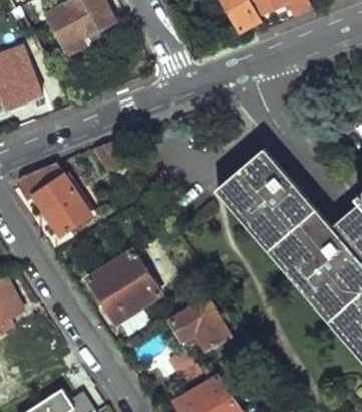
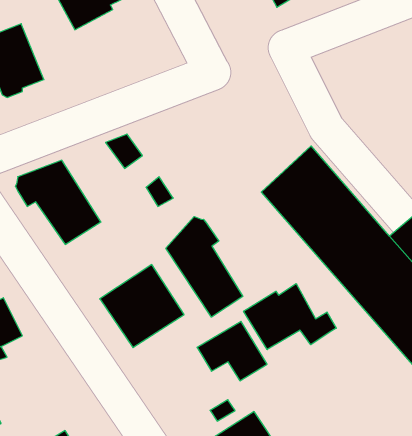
building: none -> [166,217,243,317]
building: none -> [244,284,336,350]

